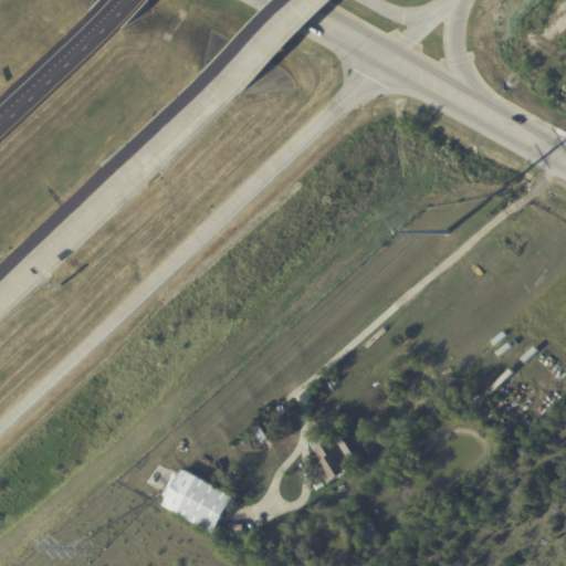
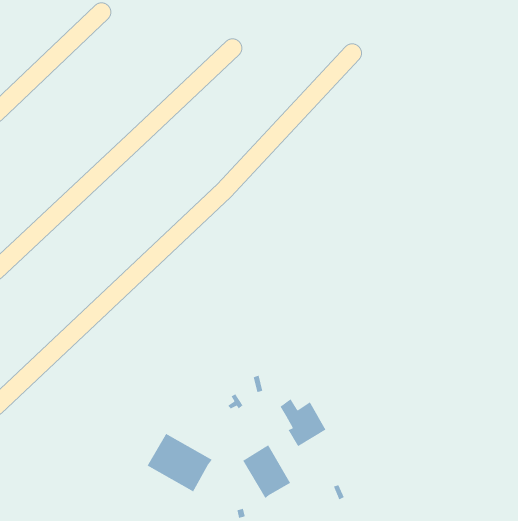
building: none -> [242,444,291,499]

